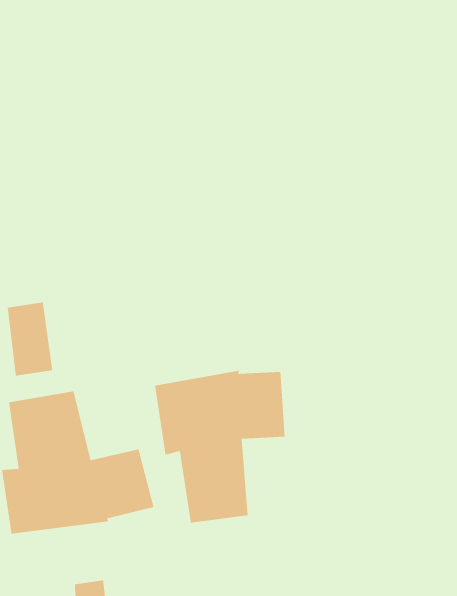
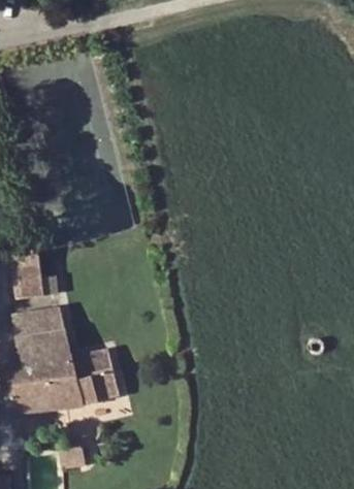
building: [154,370,286,524] -> none

